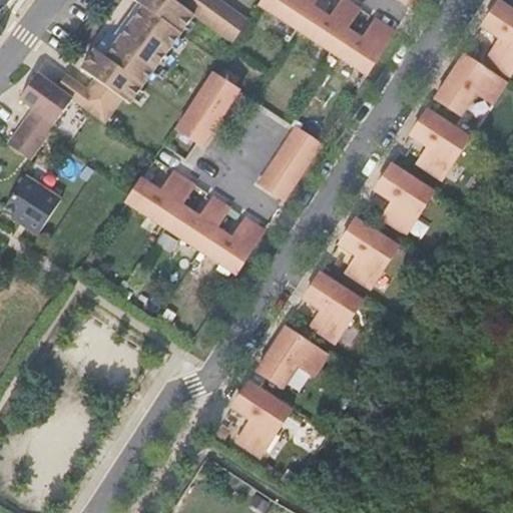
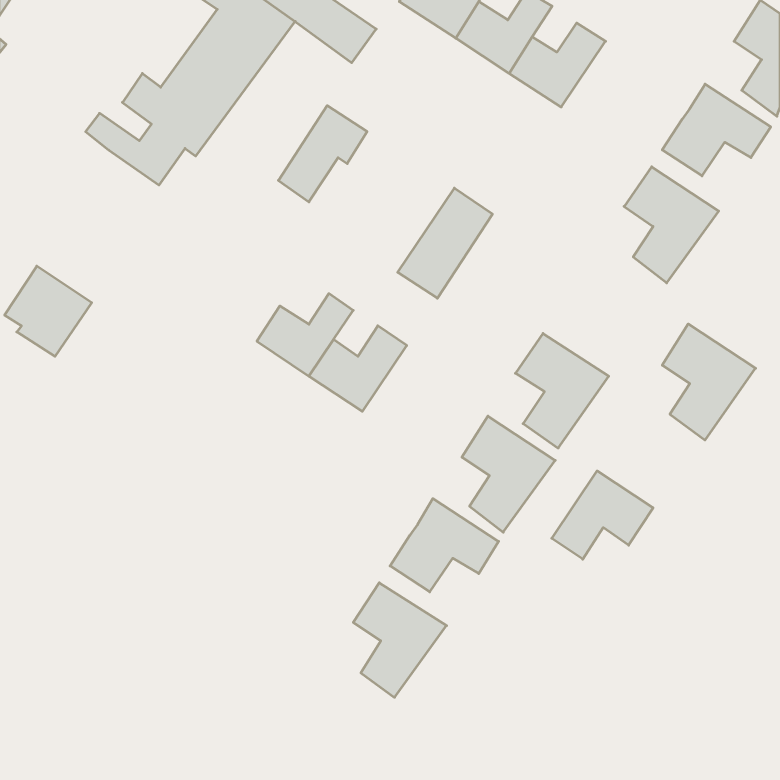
building: [7,72,71,159] -> none
building: [374,163,435,239] -> [662,324,756,440]
building: [128,167,196,223] -> none
building: none -> [552,471,653,559]

